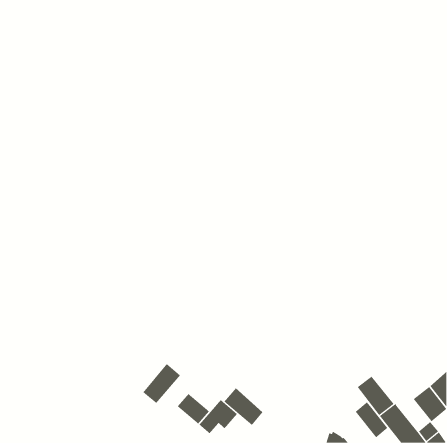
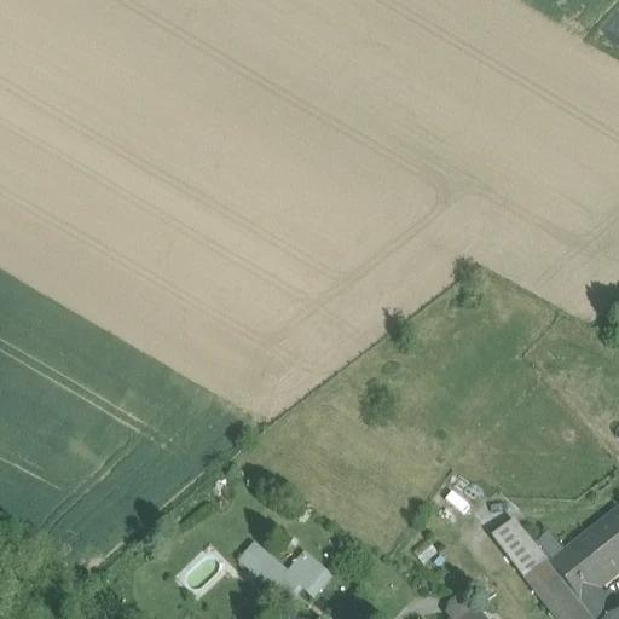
building: [143,363,181,404] -> none
building: [224,388,263,426] -> none
building: [355,401,388,438] -> [549,546,595,597]

